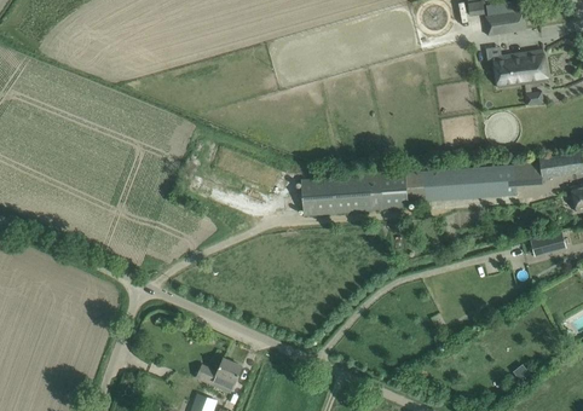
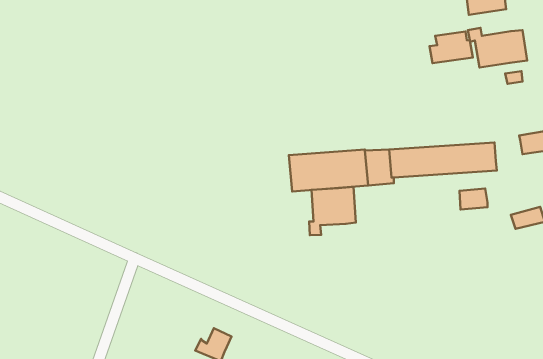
building: none -> [429,32,473,63]
building: [514,163,543,185] -> [459,189,488,210]
building: none -> [309,187,356,235]

